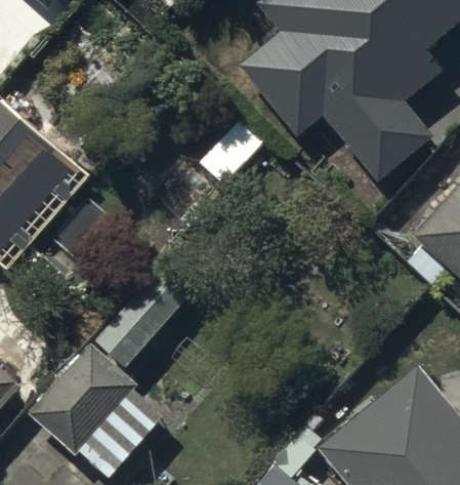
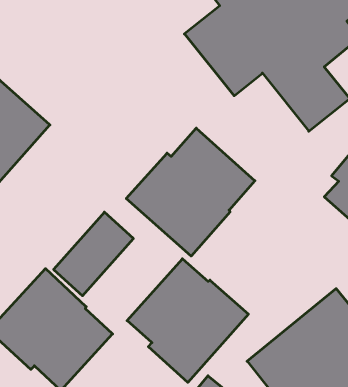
building: none -> [126,128,255,256]
building: none -> [127,259,248,382]

